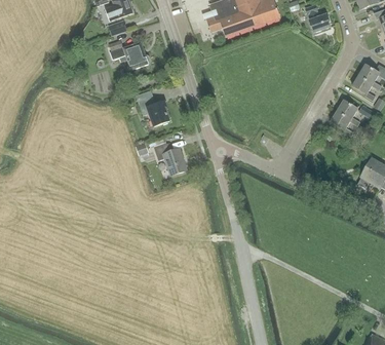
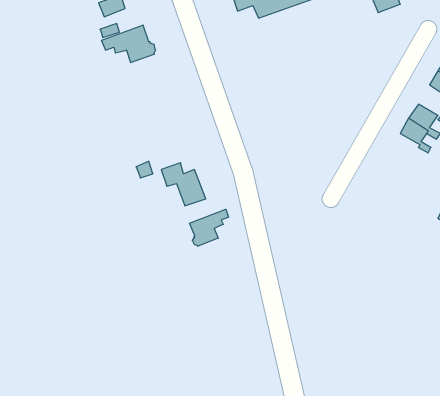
building: [138,97,168,126] -> none
building: none -> [189,209,228,246]

